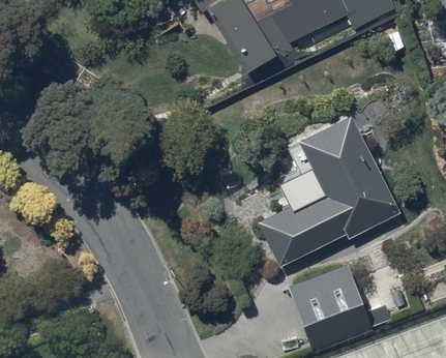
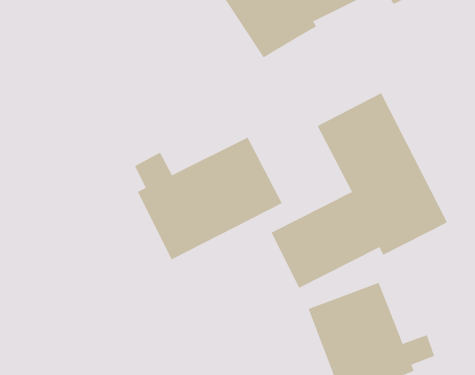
building: none -> [134,137,282,260]

